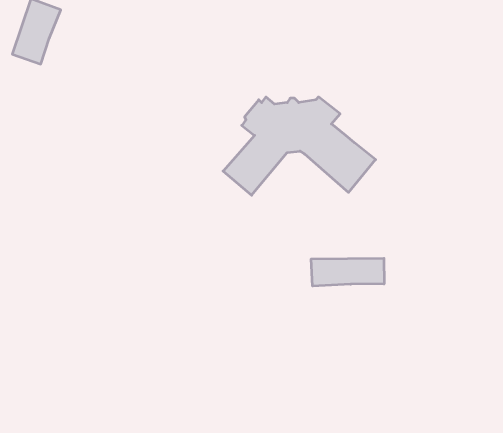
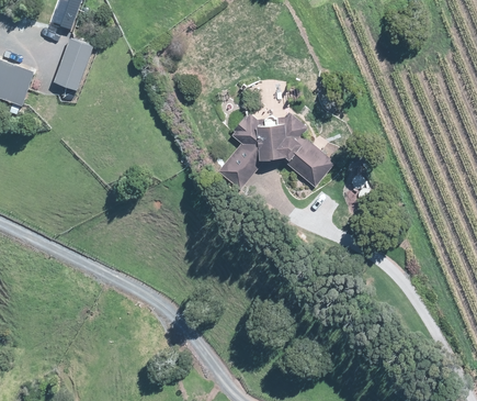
building: [311,258,384,286] -> none

